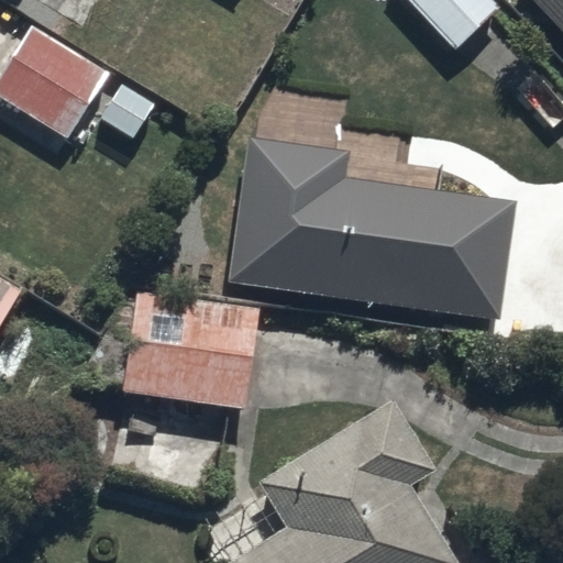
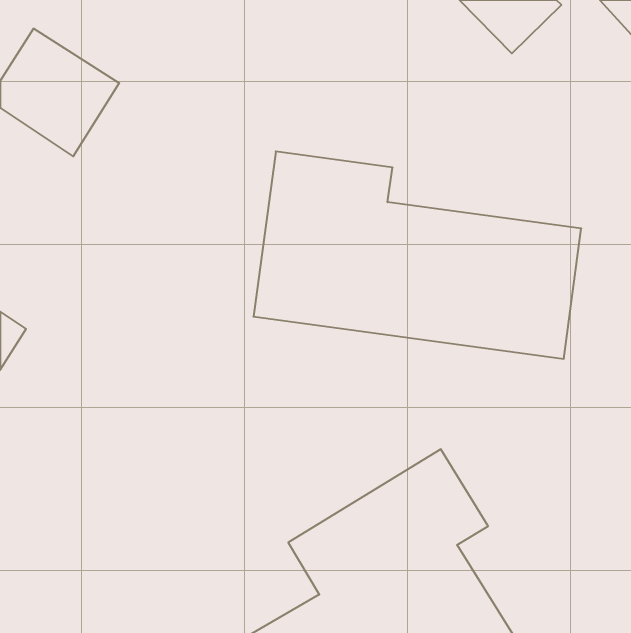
building: [112,287,262,409] -> none

